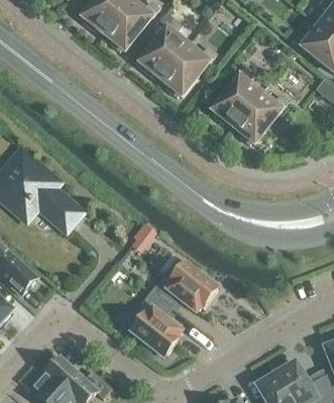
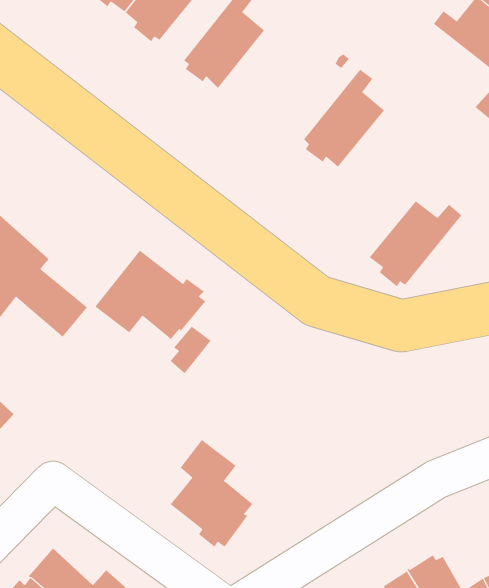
building: [160,43,216,96] -> none
building: [233,92,290,144] -> [369,200,462,287]
building: [150,257,218,311] -> [95,250,206,340]

